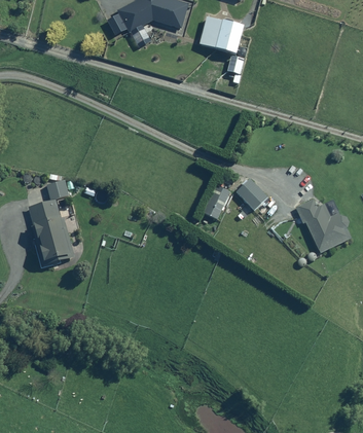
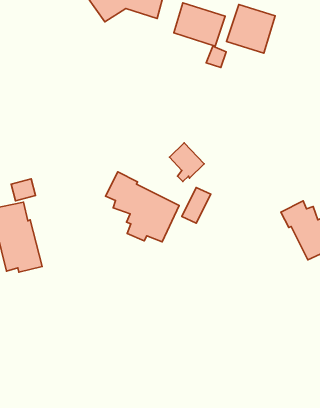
building: none -> [227,5,275,53]
building: none -> [106,172,179,242]
building: [237,177,268,213] -> [170,143,204,182]

